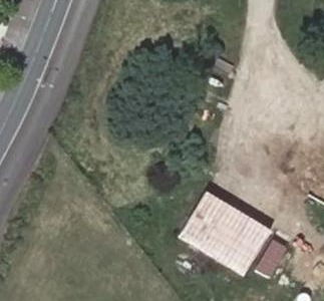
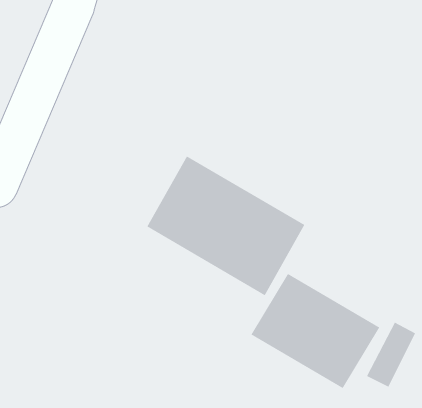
building: none -> [146,155,305,296]

